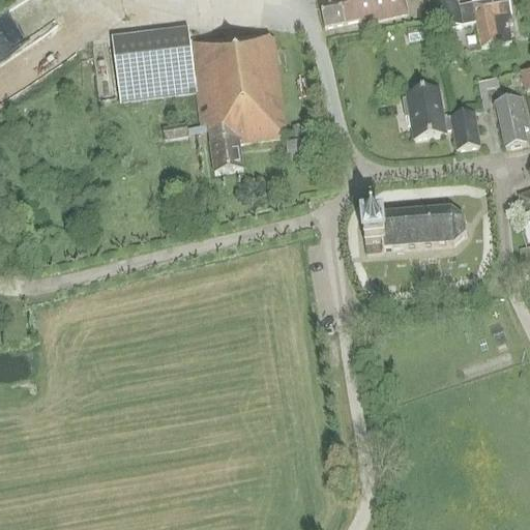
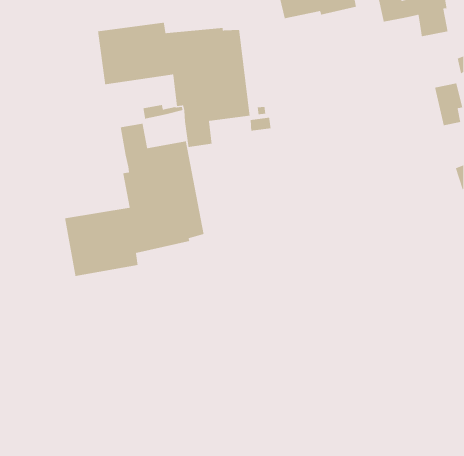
building: [401,84,479,146] -> none
building: none -> [64,123,204,277]
building: [363,205,466,248] -> none

